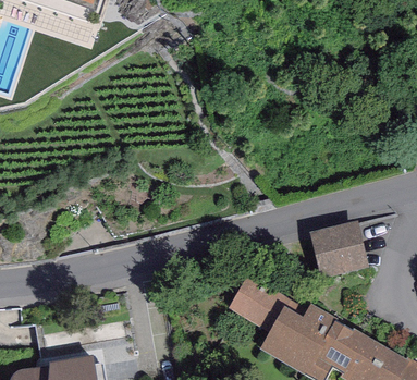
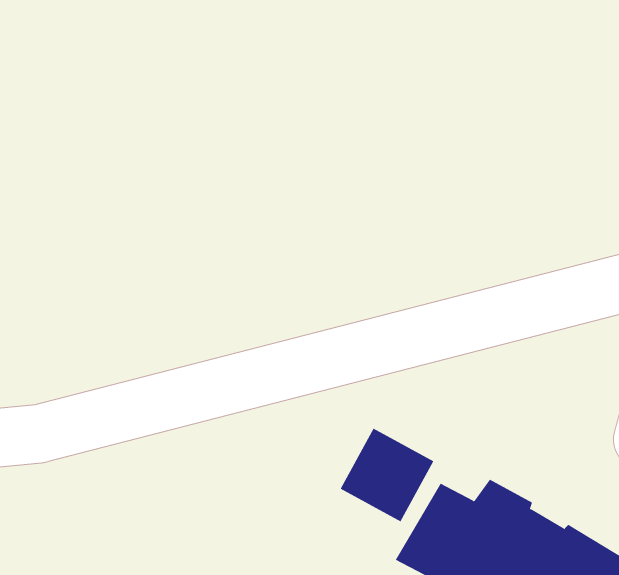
building: [312,233,373,289] -> none

